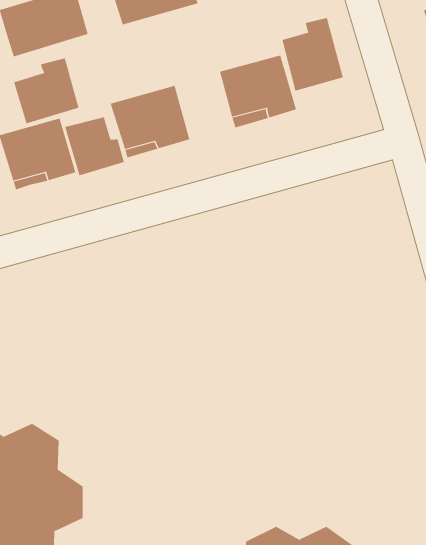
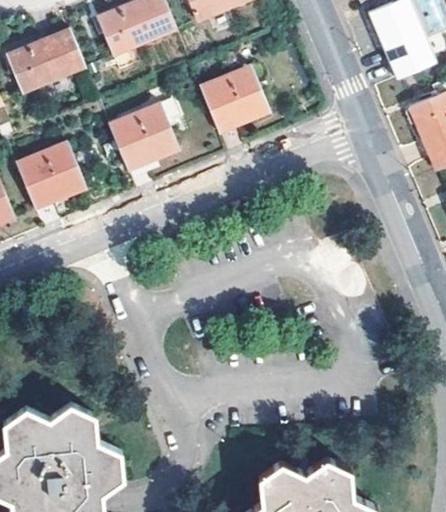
building: [282,17,344,92] -> none
building: [14,57,79,124] -> none
building: [65,116,125,176] -> none

